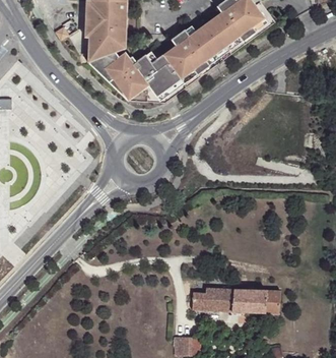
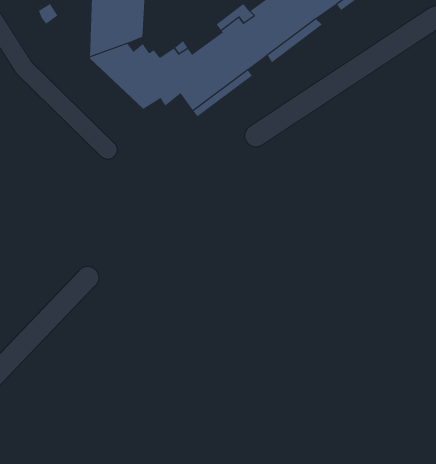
building: [191,289,277,313] -> none

